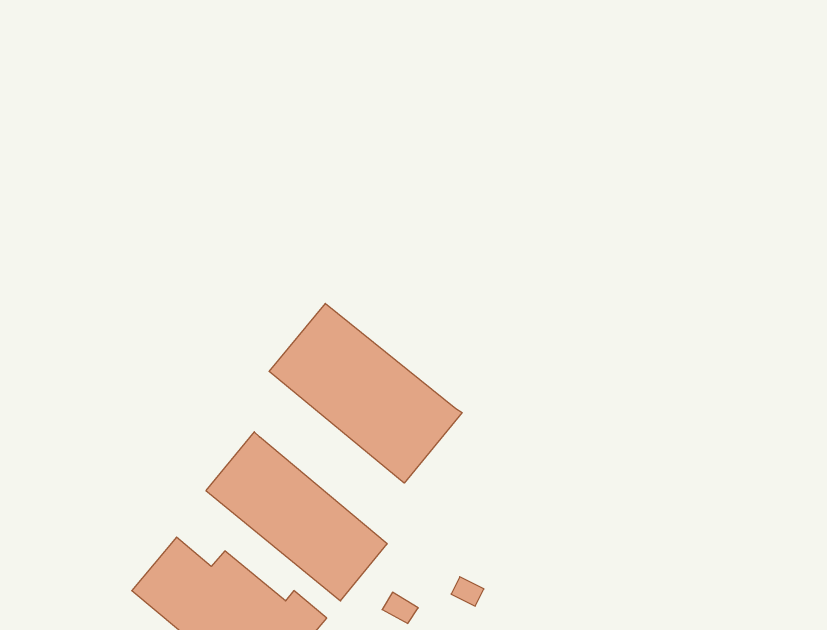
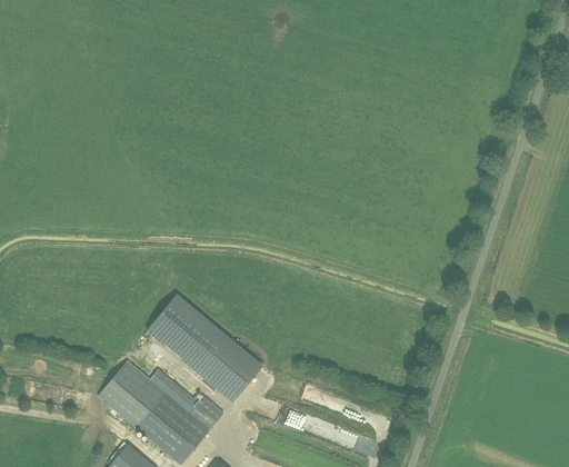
building: [269,303,462,483] -> none

